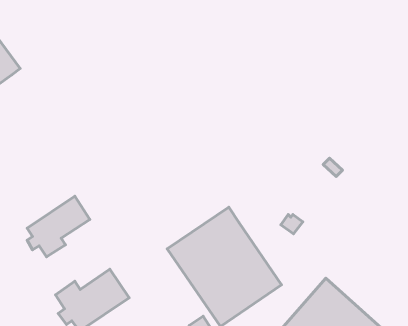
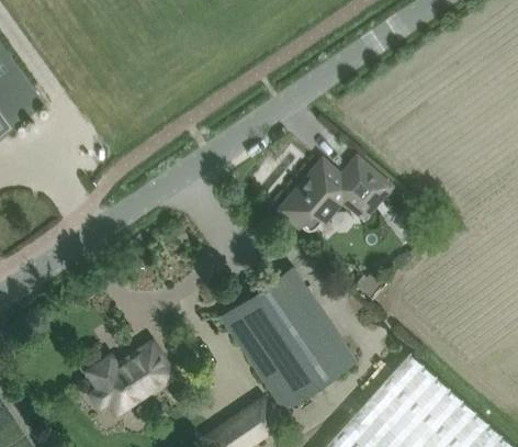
building: none -> [282,160,388,231]
building: [27,196,90,257] -> none

